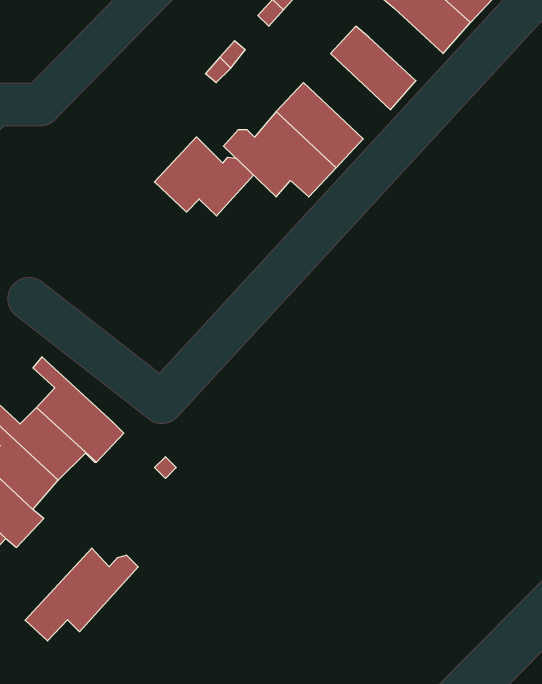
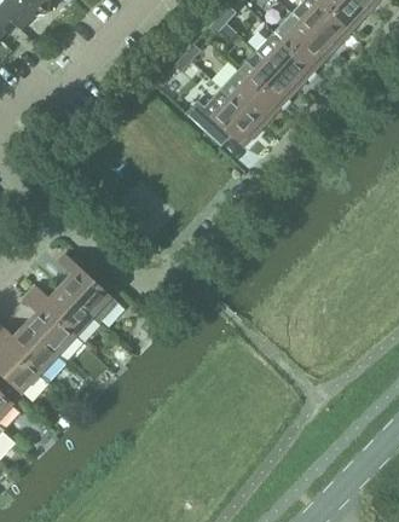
building: none -> [282,21,331,69]
building: none -> [238,51,296,108]
building: [154,137,253,216] -> none
building: [25,548,138,641] -> none

